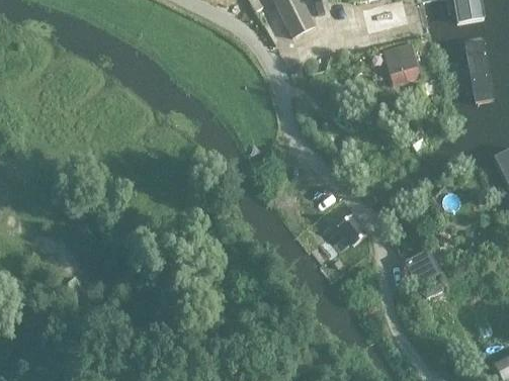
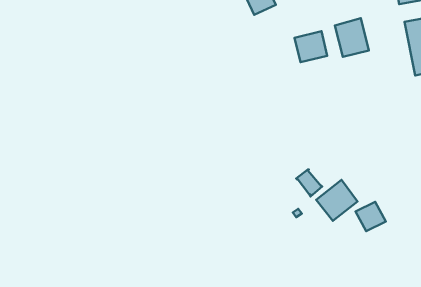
building: none -> [294,31,327,62]
building: none -> [316,180,358,221]

